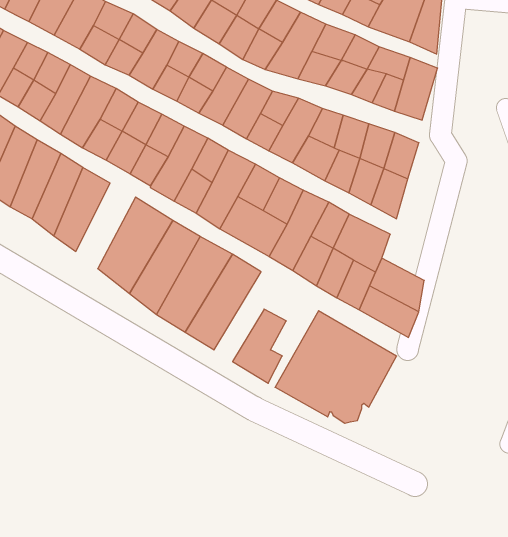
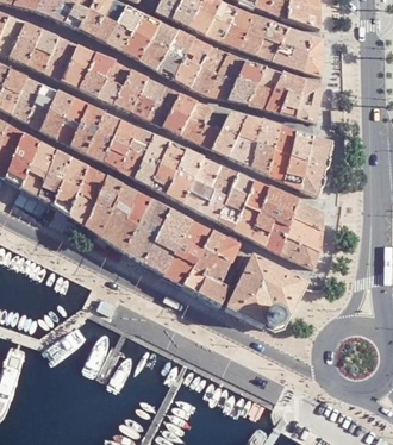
building: none -> [301,136,332,195]
building: none -> [86,176,124,234]
building: none -> [293,199,324,228]
building: none -> [183,230,239,292]

